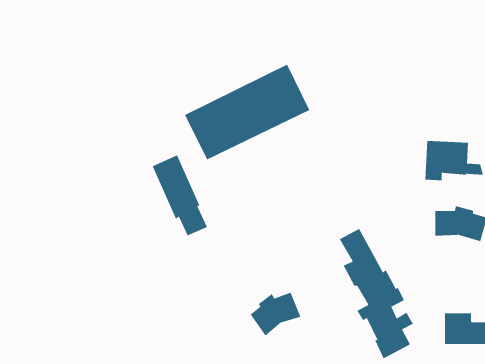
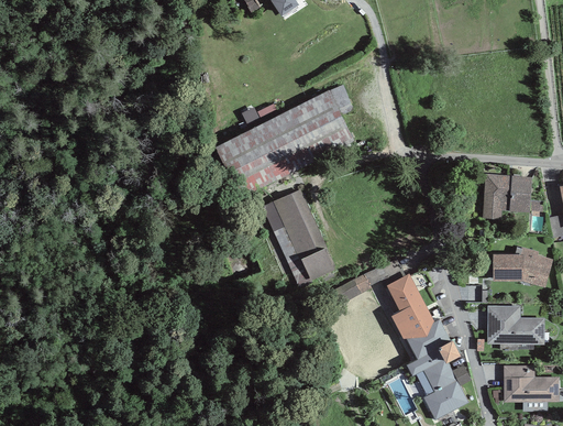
building: [152,154,208,236] -> [272,187,334,278]
building: none -> [487,306,543,345]
building: [250,292,301,336] -> none

